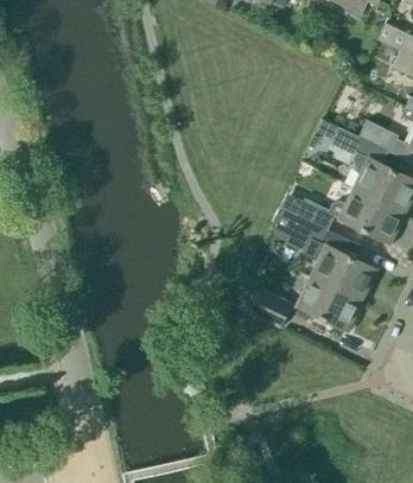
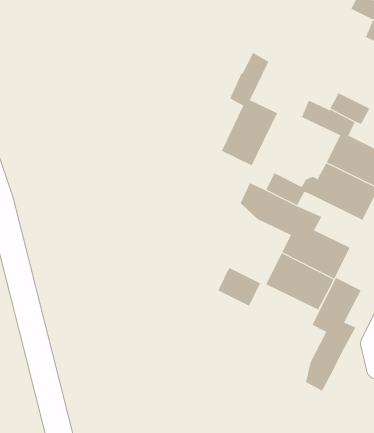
building: none -> [221,52,278,166]
building: none -> [306,277,362,391]

